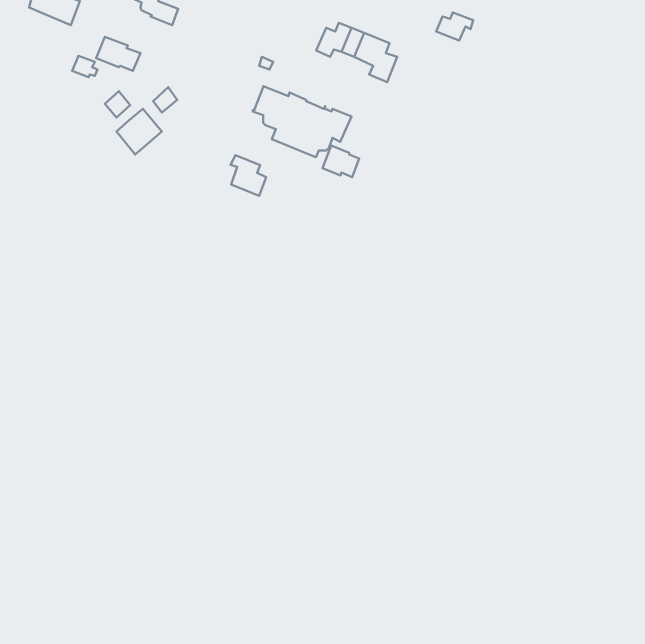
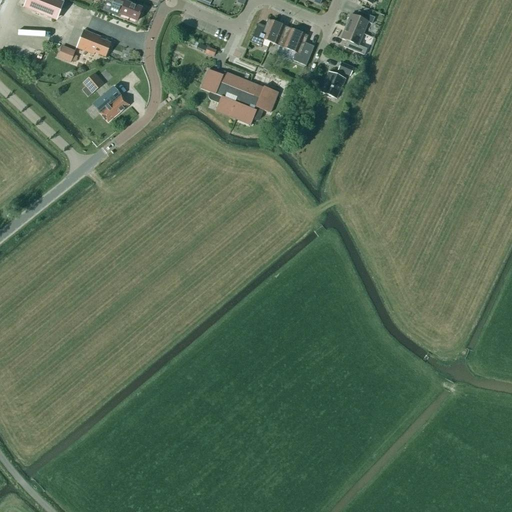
building: none -> [341,25,373,56]
building: none -> [322,62,354,97]
building: [322,145,359,177] -> none
building: [230,155,266,196] -> none

